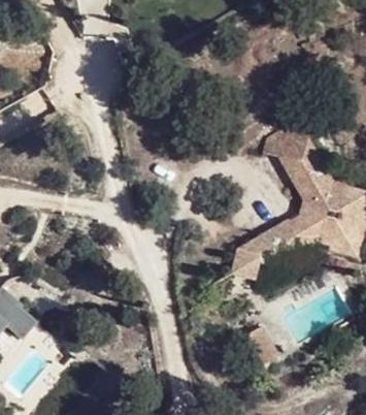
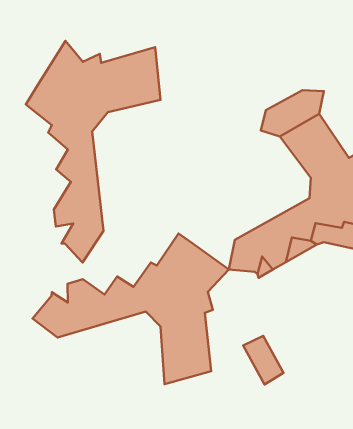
building: none -> [26,41,161,263]
building: none -> [32,233,229,384]

